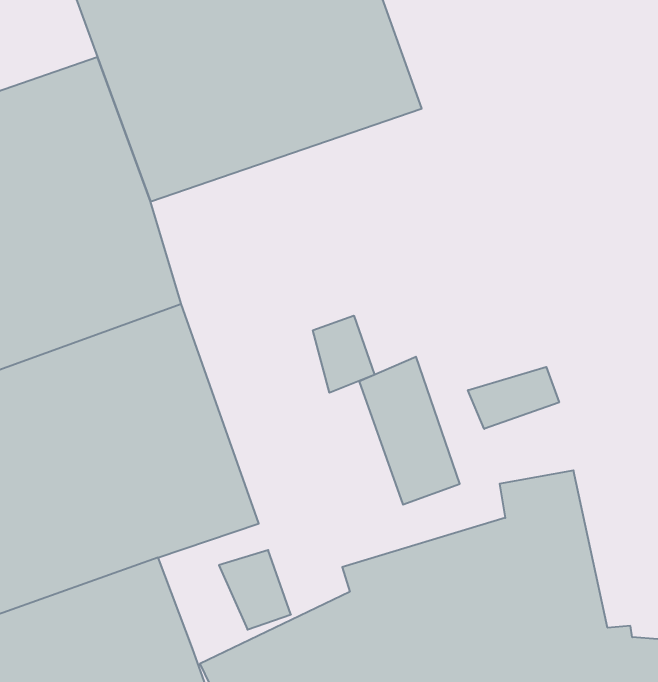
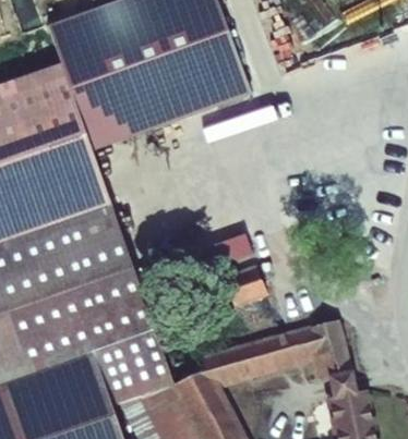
building: [313,316,375,393] -> none
building: [468,367,559,429] -> none
building: none -> [98,330,161,402]

